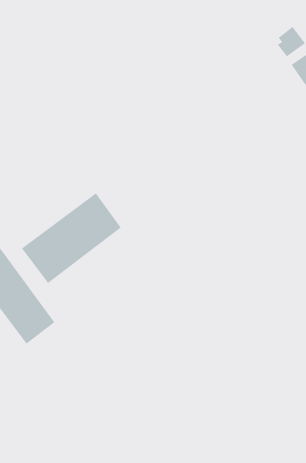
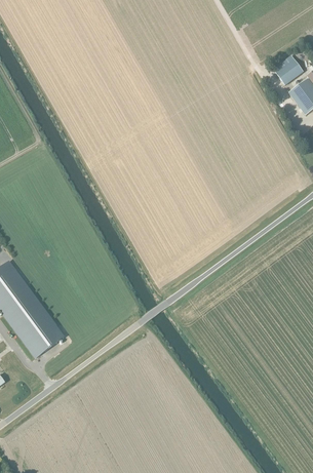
building: [21,193,122,284] -> none

